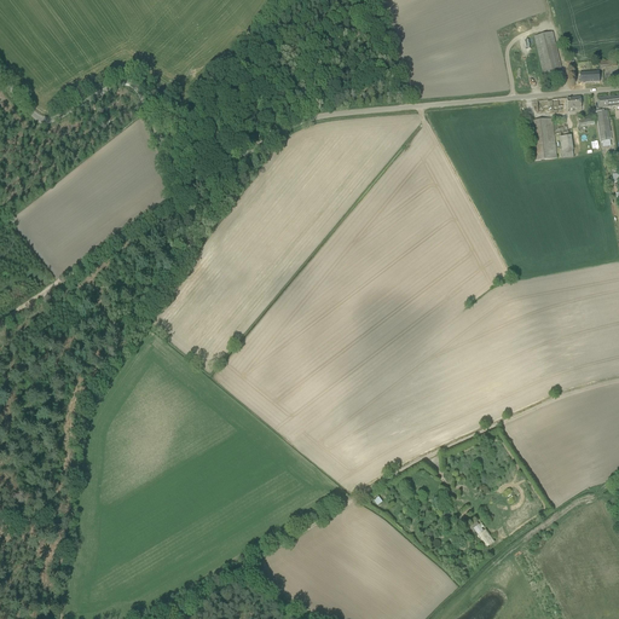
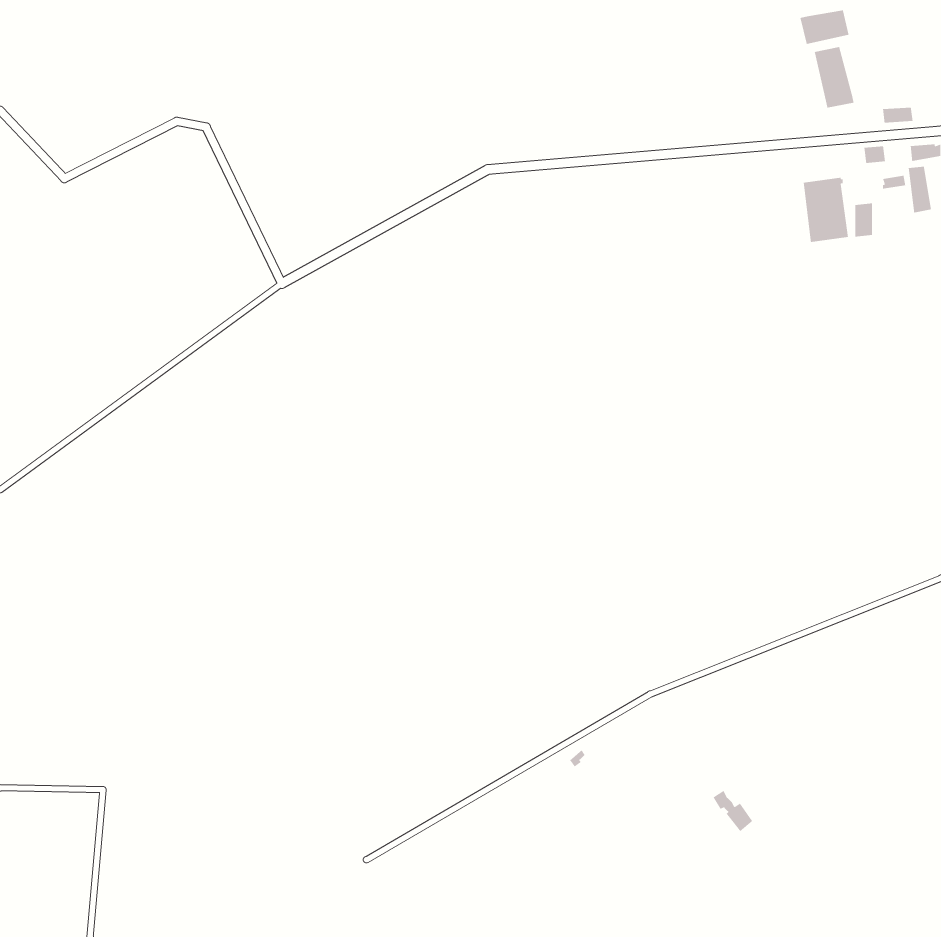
building: none -> [800,10,849,45]

